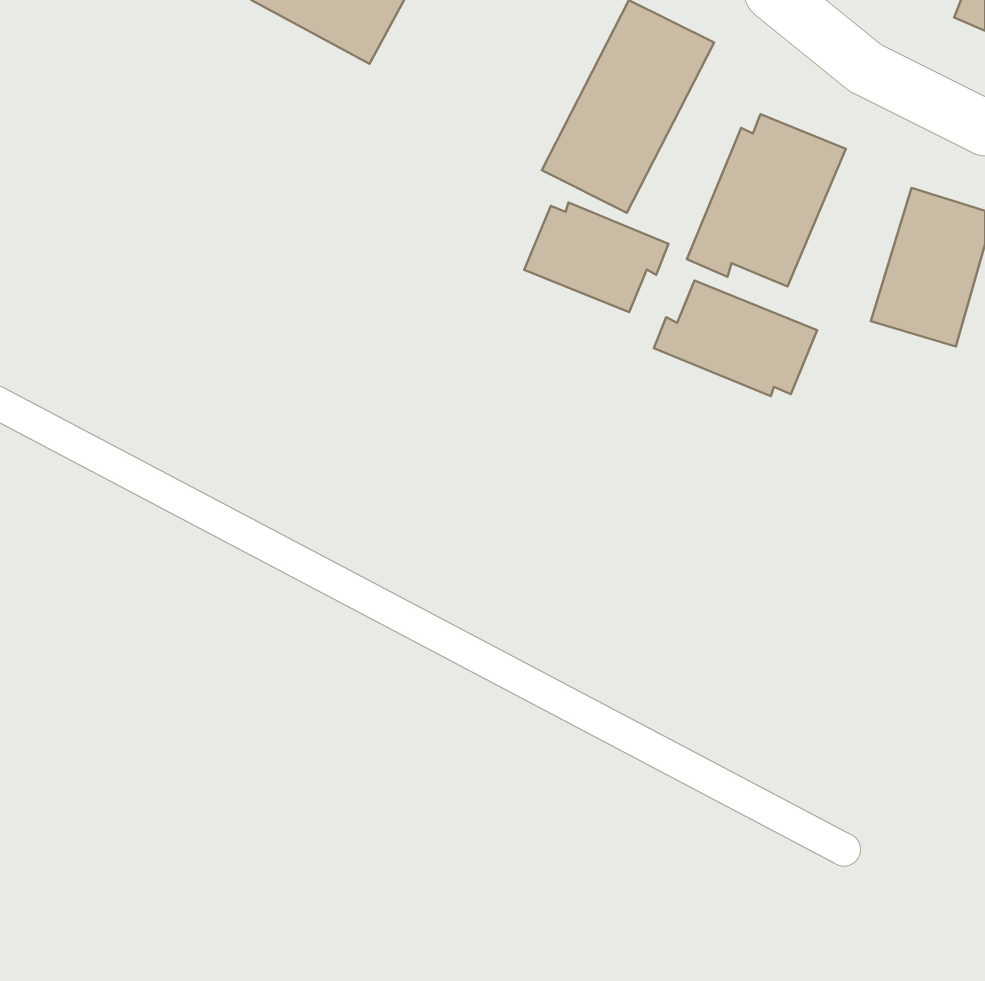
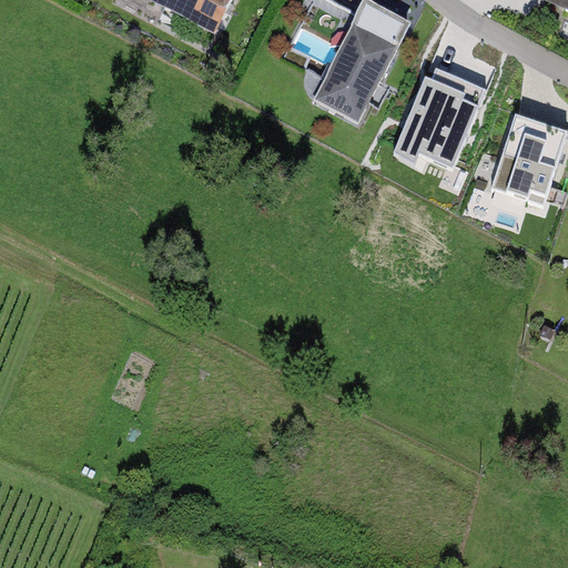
building: [524,203,668,312] -> none
building: [654,281,817,396] -> none

